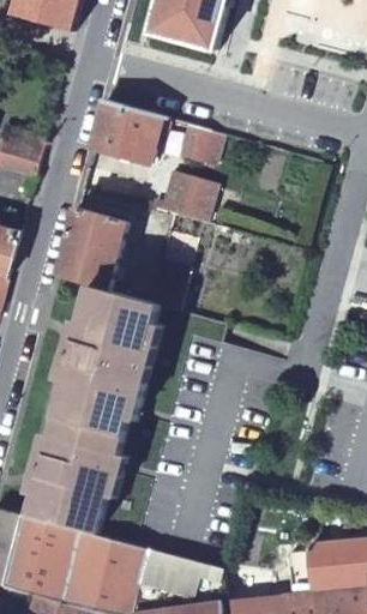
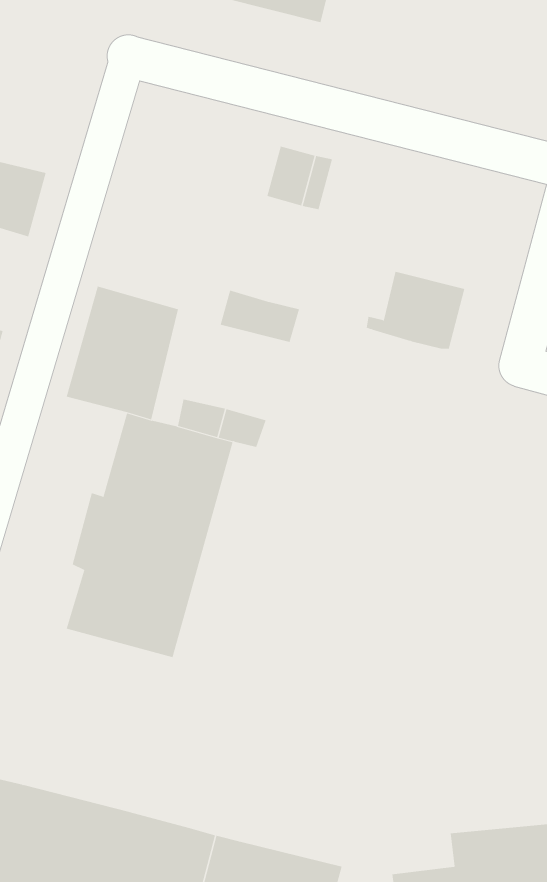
building: [90,100,168,167] -> none
building: [154,175,215,223] -> [366,271,465,349]
building: [29,420,122,532] -> none

